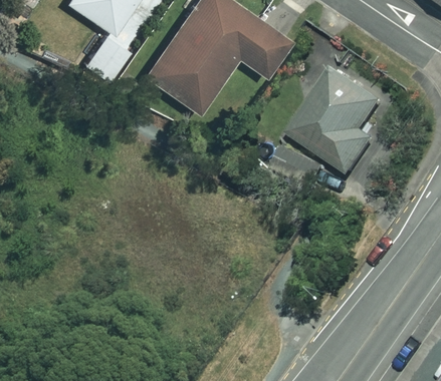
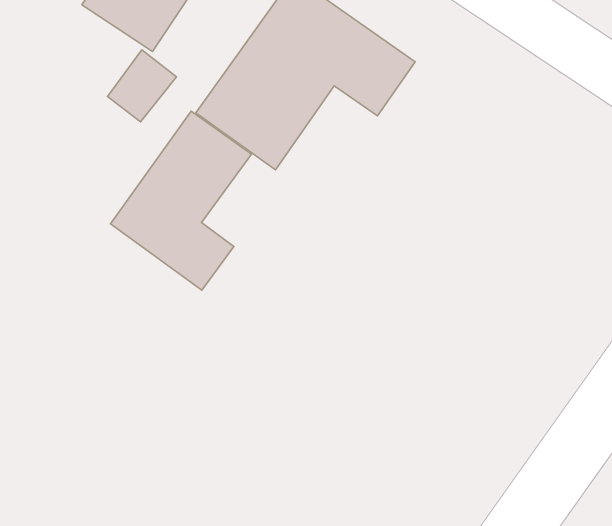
building: [273,70,389,195] -> none
building: none -> [111,111,251,290]

